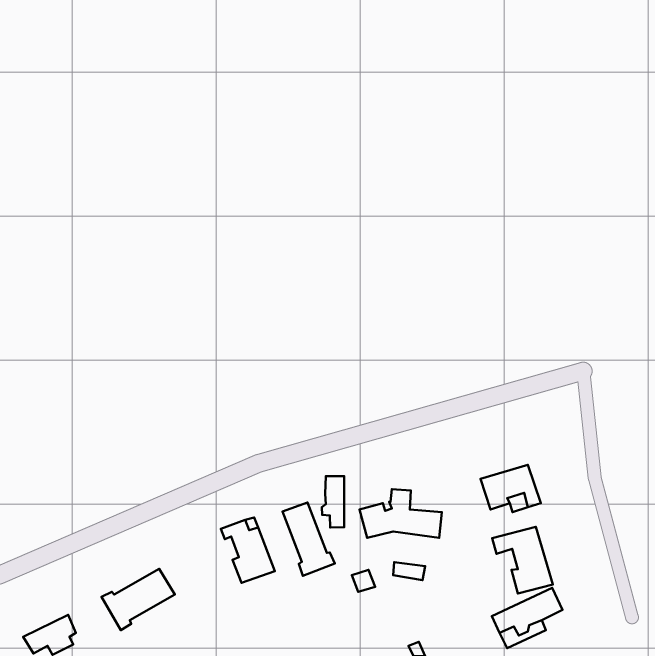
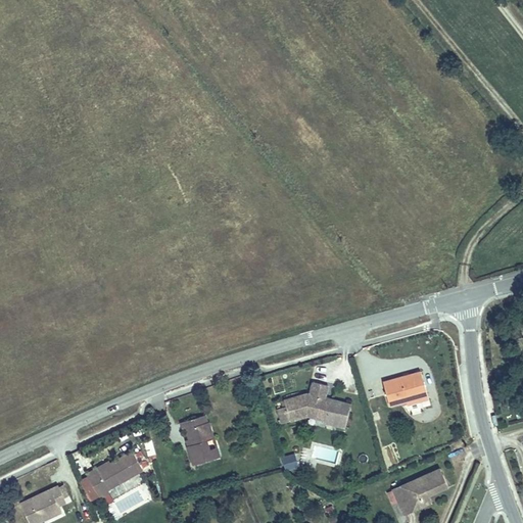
building: [322,476,344,527] -> none
building: [282,503,335,576] -> none
building: [492,527,553,594] -> none

